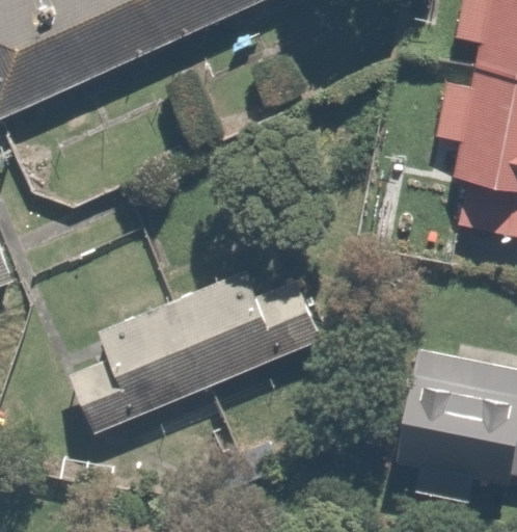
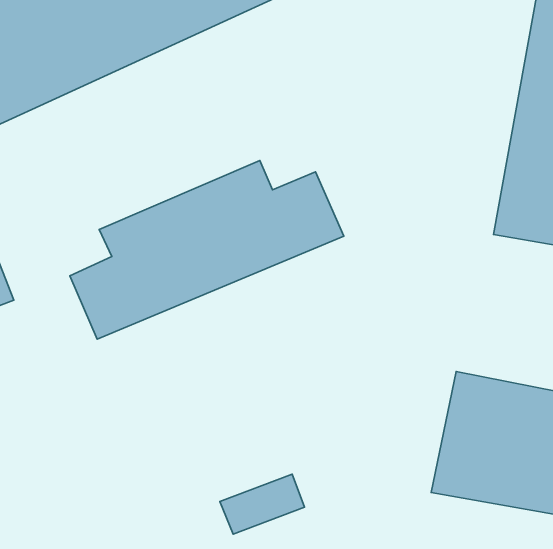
building: [70,271,321,435] -> [70,160,344,339]

